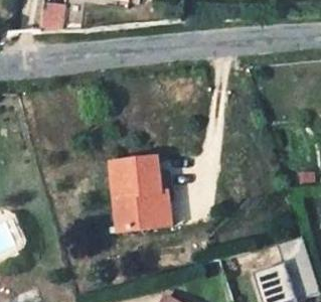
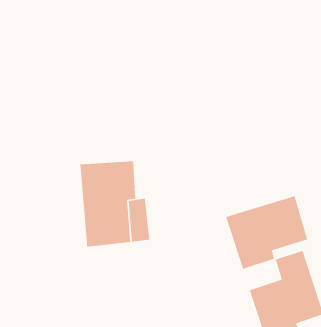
building: none -> [225,195,308,270]

